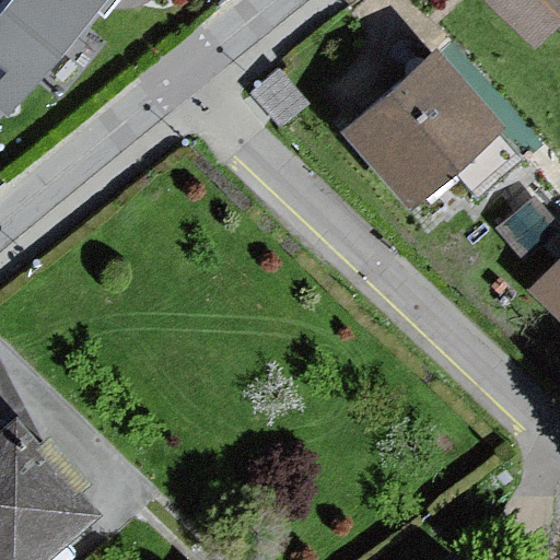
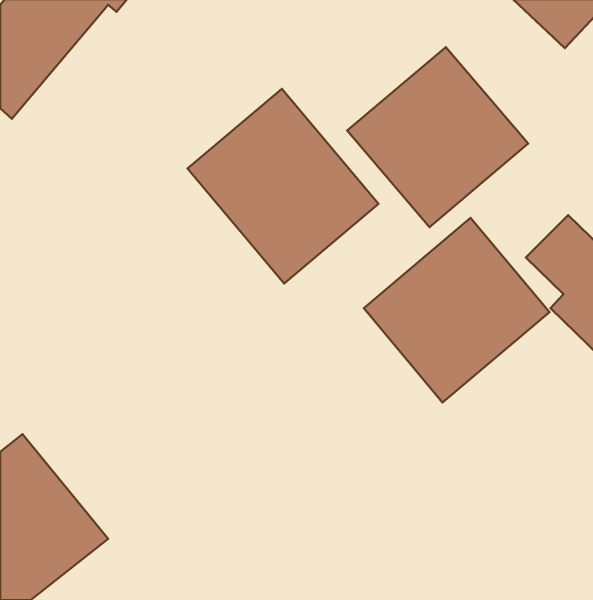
building: none -> [188,89,378,284]
building: none -> [364,218,550,403]

